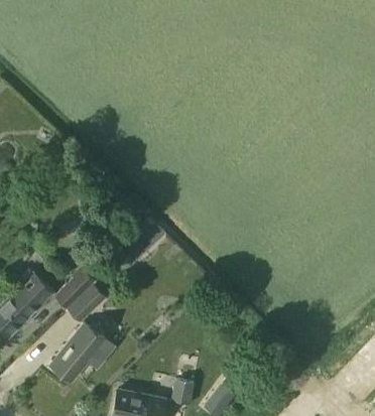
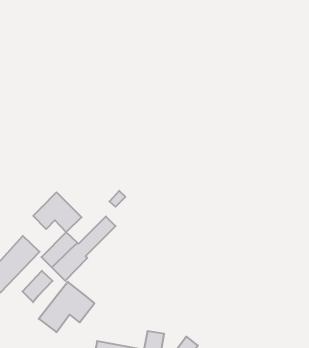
building: none -> [33,192,82,232]
building: none -> [22,271,53,302]

